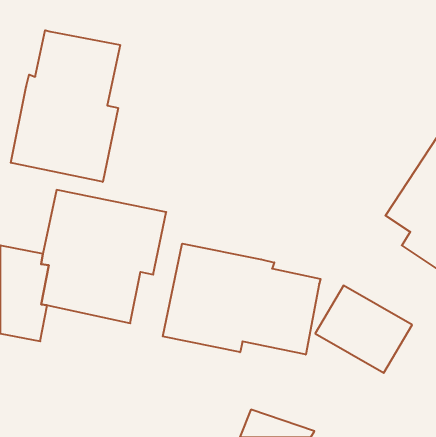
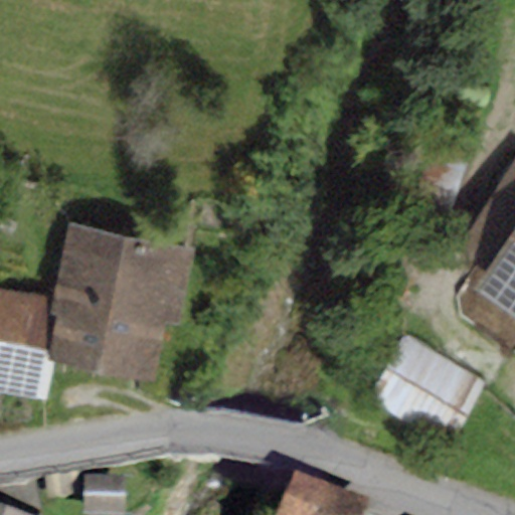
building: [11,30,120,182] -> none
building: [163,244,321,355] -> none

